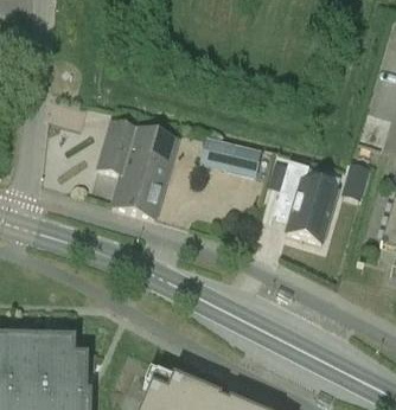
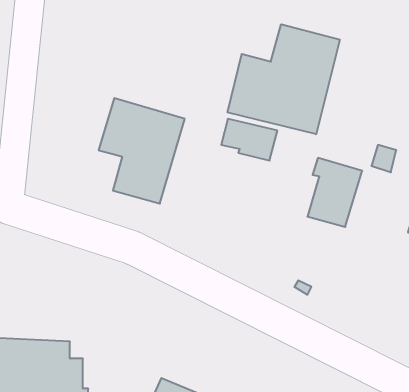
building: none -> [228,24,340,134]

